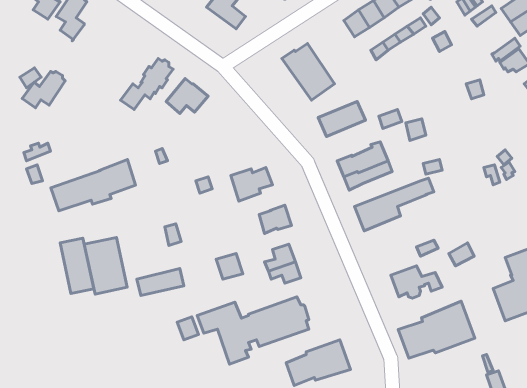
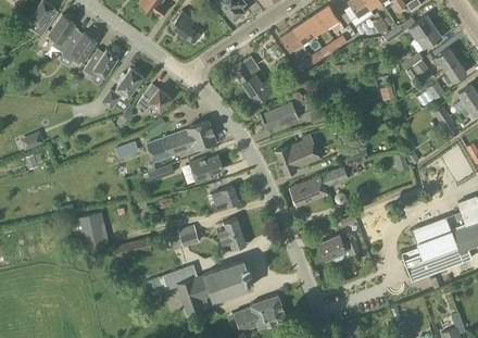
building: none -> [84,49,118,77]
building: [22,72,65,108] -> [62,32,97,61]
building: [51,160,135,211] -> [148,120,216,161]
building: [60,238,94,293] -> none
building: [398,301,475,358] -> none

